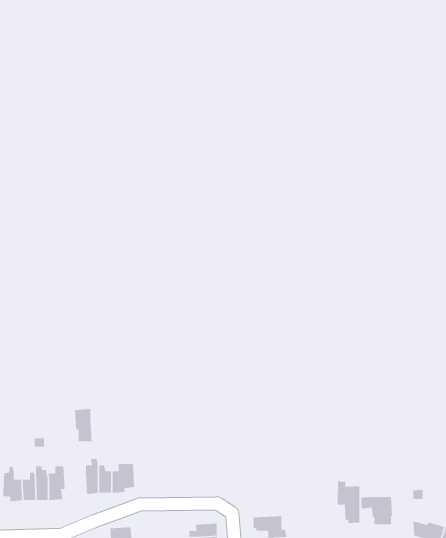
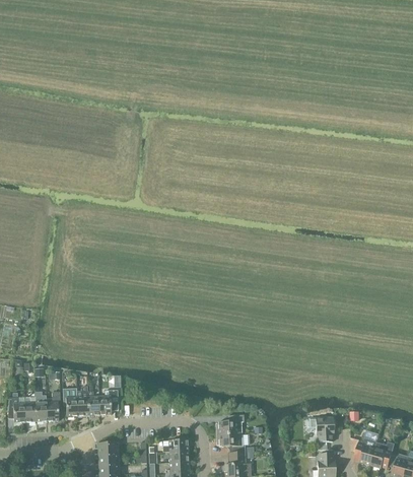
building: [74,408,92,442] -> [63,388,78,416]
building: [337,480,360,524] -> none
building: none -> [216,414,245,434]

